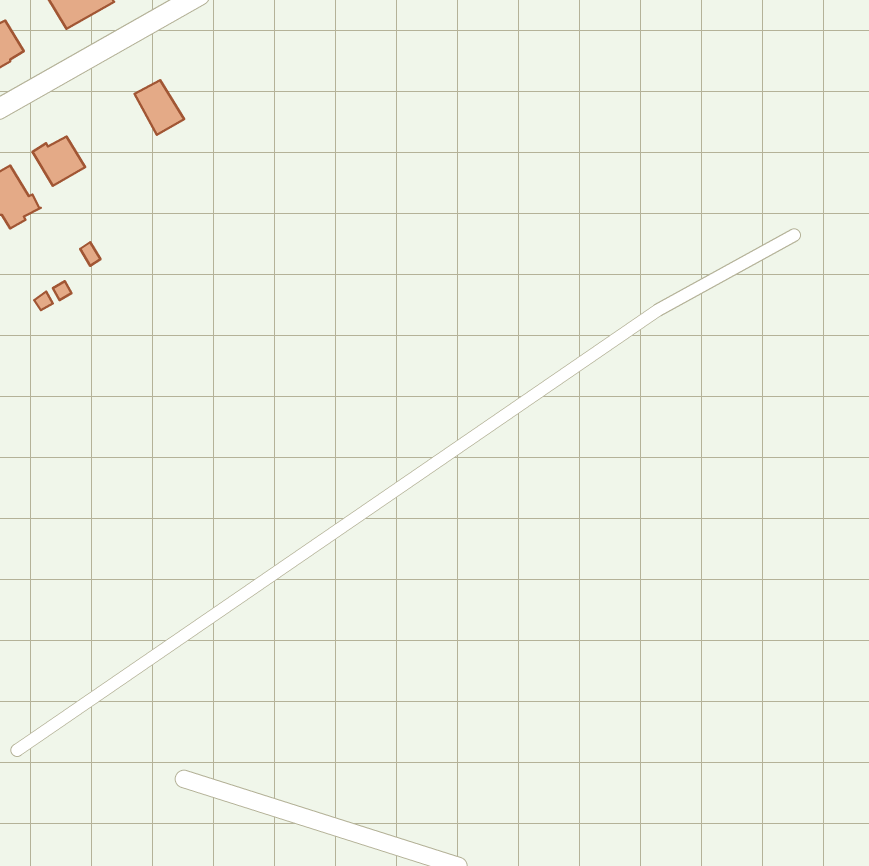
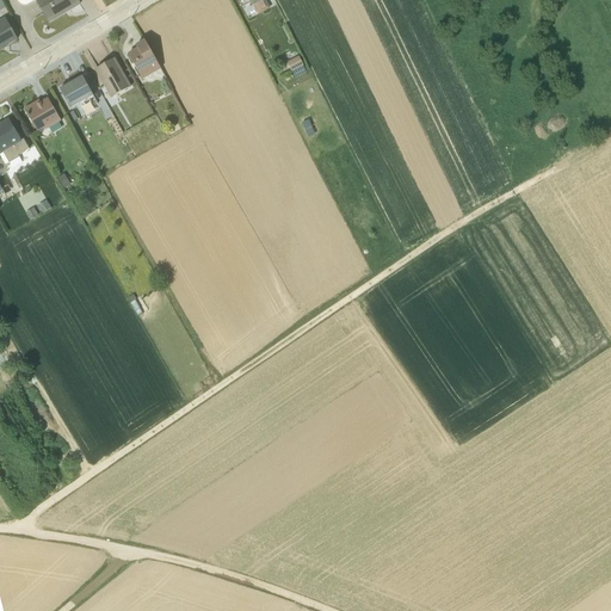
building: none -> [126,37,160,76]
building: none -> [58,73,92,105]

